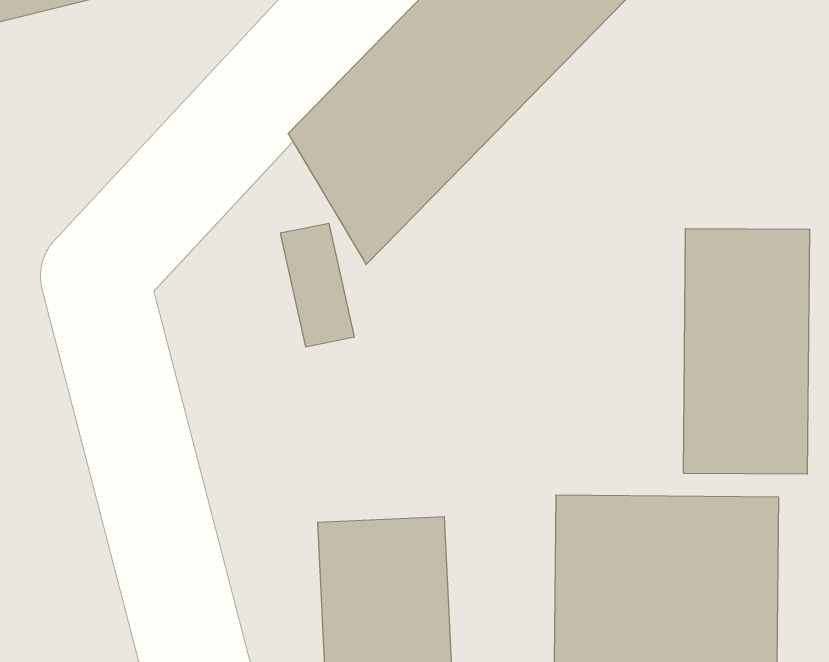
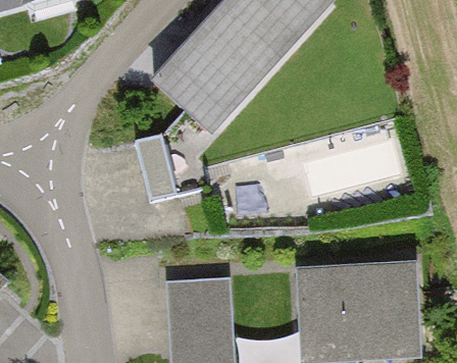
building: [683,228,809,474] -> none

